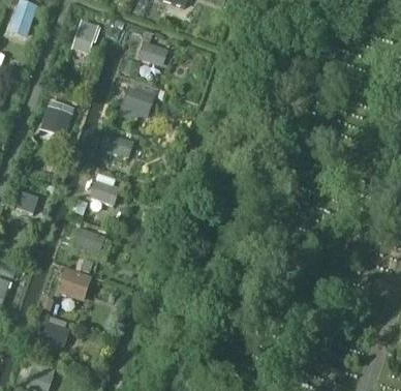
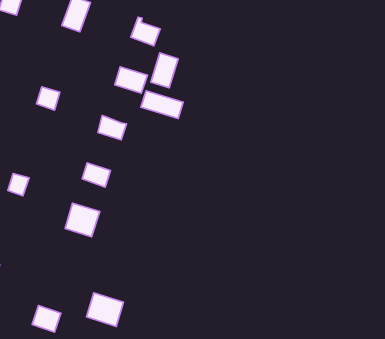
building: none -> [151,53,178,88]
building: none -> [141,91,183,118]
building: [56,267,92,300] -> [86,293,123,327]

